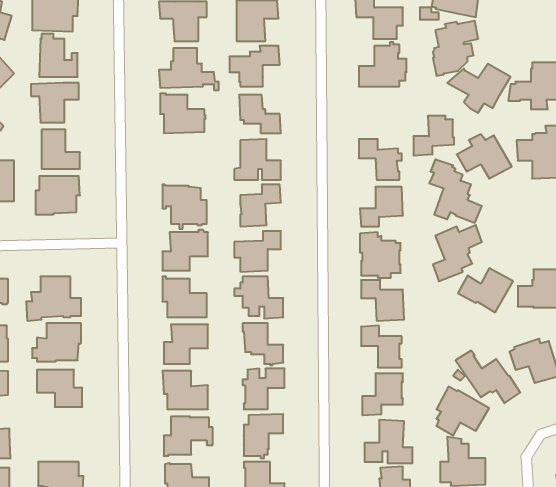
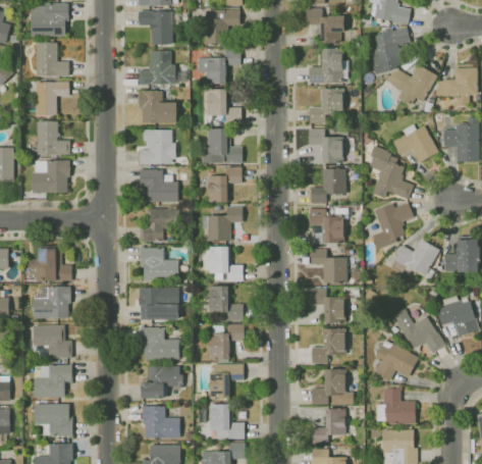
building: [413,116,454,155] -> [309,90,343,123]
building: none -> [139,130,171,164]
building: none -> [35,362,72,398]

